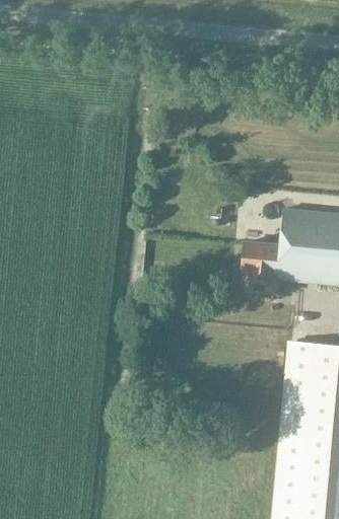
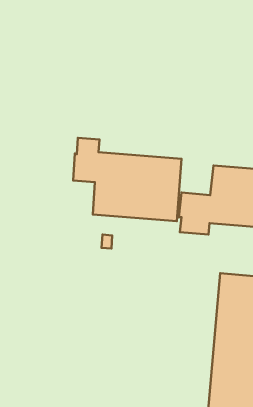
building: none -> [73,138,182,221]

